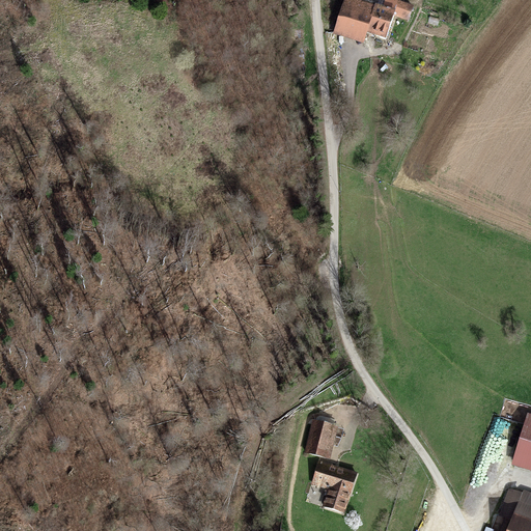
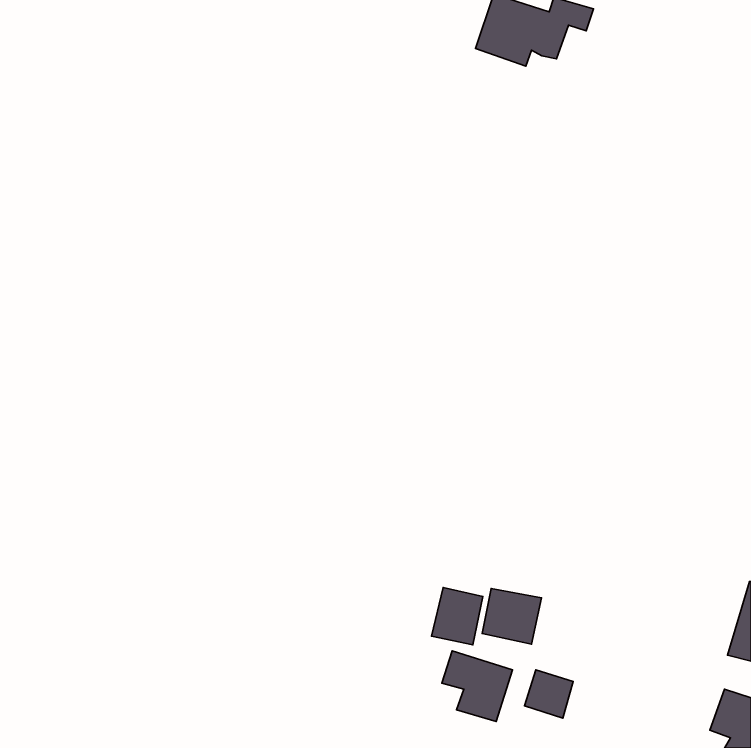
building: none -> [482,589,542,644]
building: none -> [524,670,573,718]

